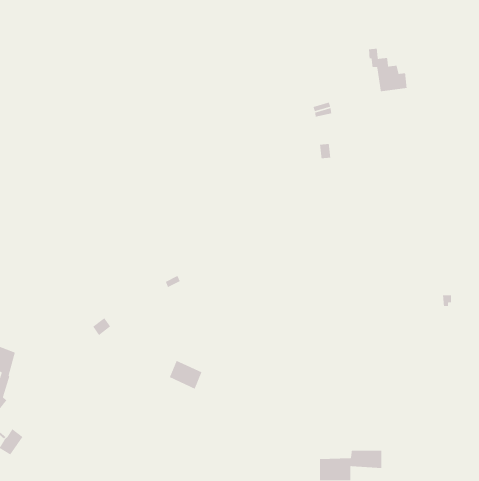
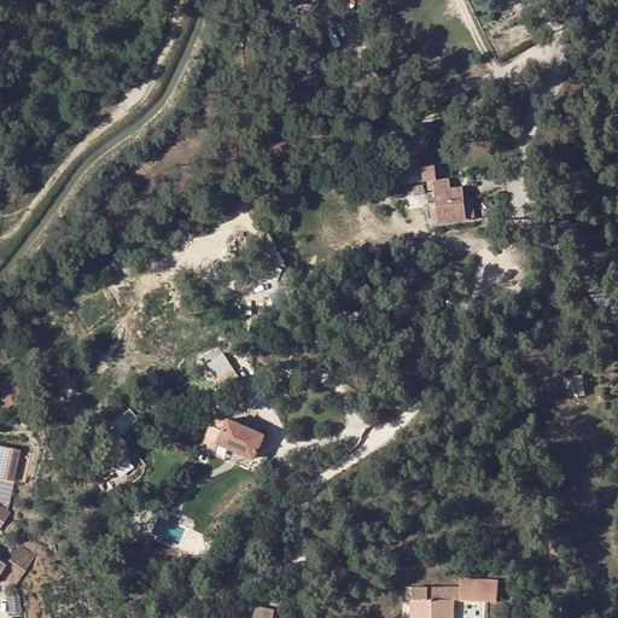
building: [368,48,408,92] -> [421,165,472,222]
building: [169,360,203,390] -> [216,424,260,462]

